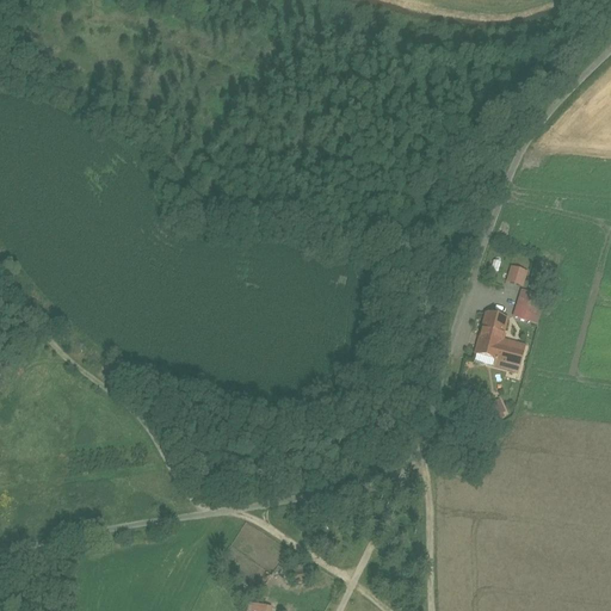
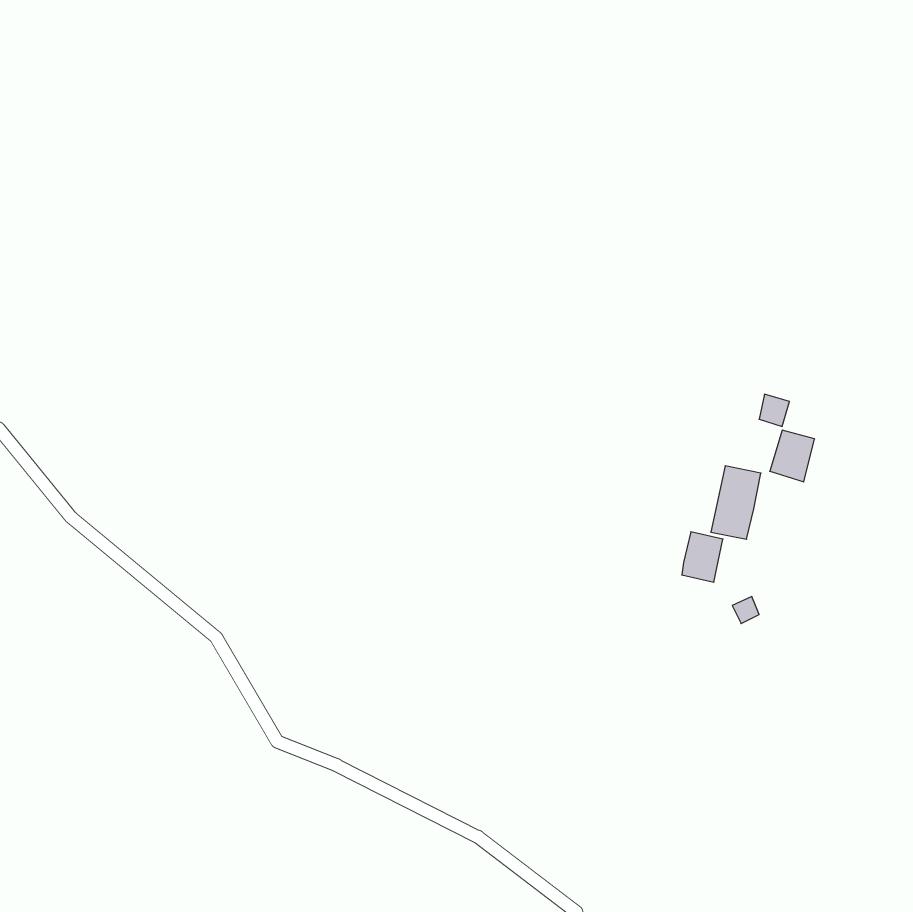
building: [496,339,524,372] -> [682,532,723,582]

